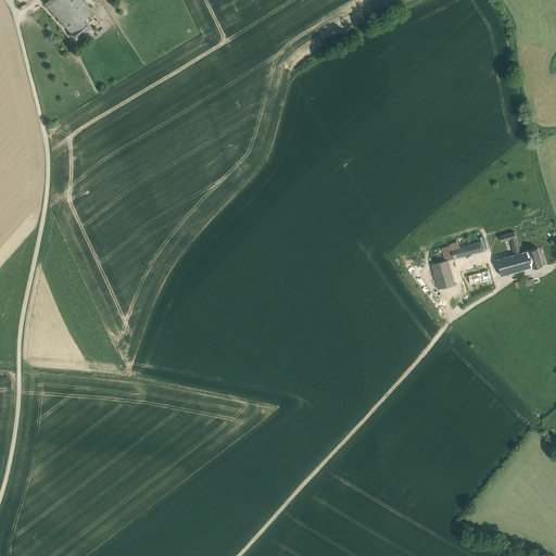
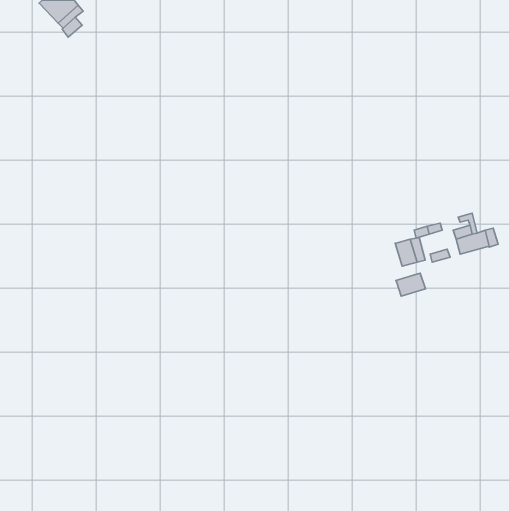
building: none -> [396,273,425,296]

